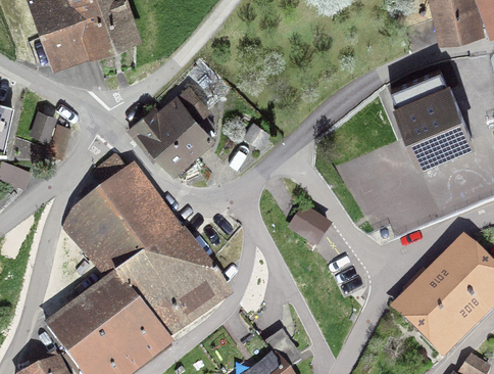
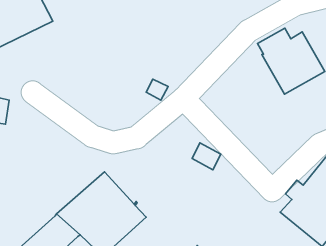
building: [129,88,212,173] -> none
building: [65,156,180,280] -> none

